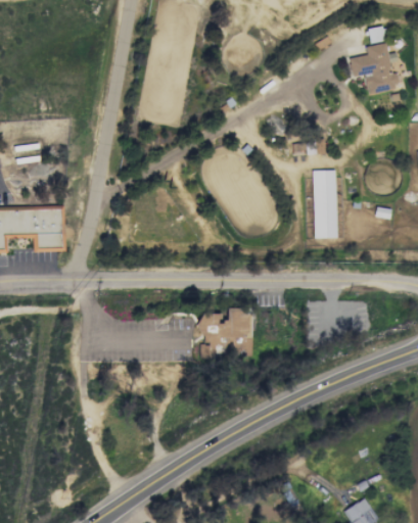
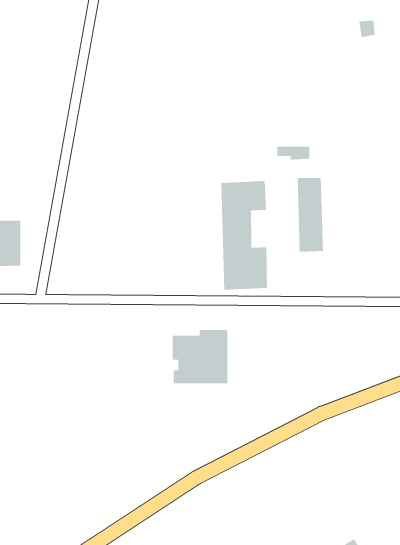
building: [350,42,399,93] -> none
building: none -> [220,180,268,290]

